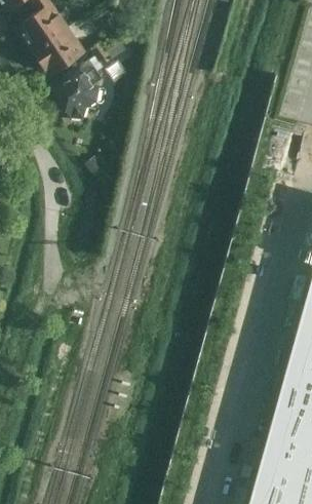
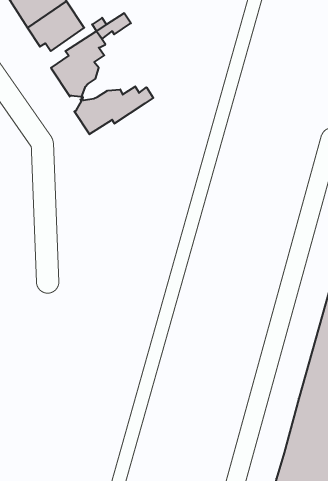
building: none -> [74,86,153,134]

